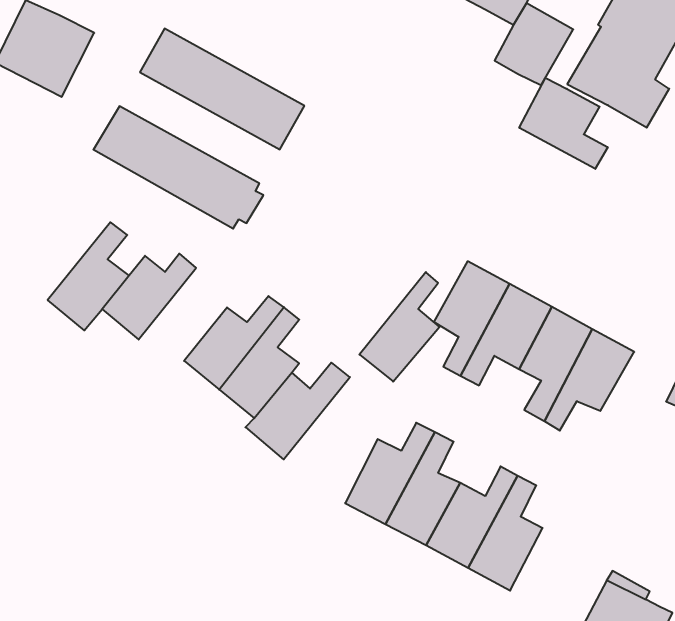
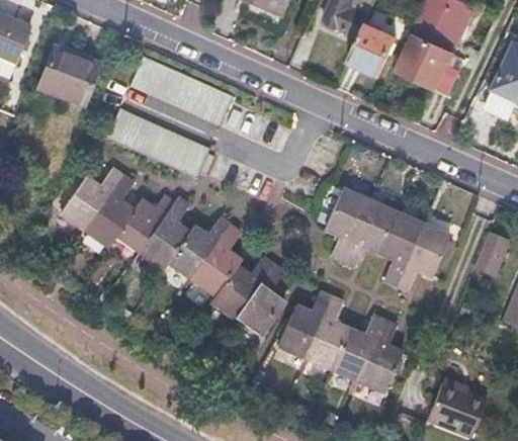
building: [519,78,608,169] -> none
building: none -> [60,173,117,232]
building: none -> [141,199,190,269]
building: [359,272,440,382] -> [237,265,285,335]

